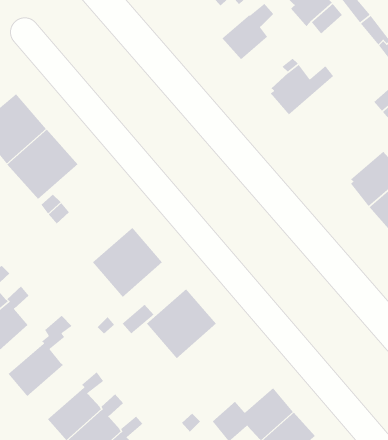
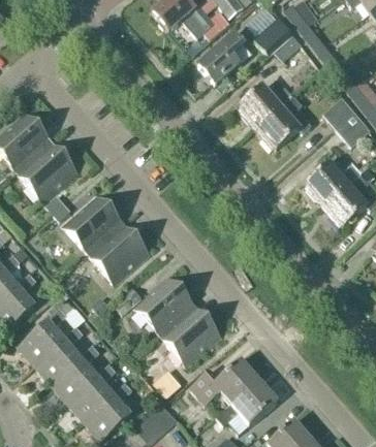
building: none -> [255,96,311,148]
building: none -> [62,193,123,253]
building: none -> [160,305,221,365]
building: none -> [34,326,83,385]

